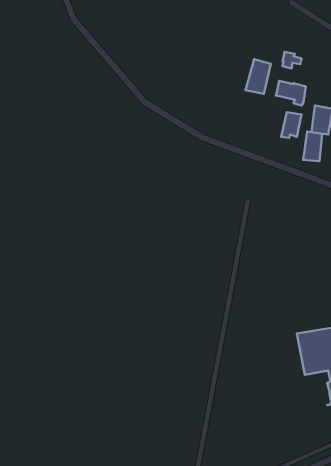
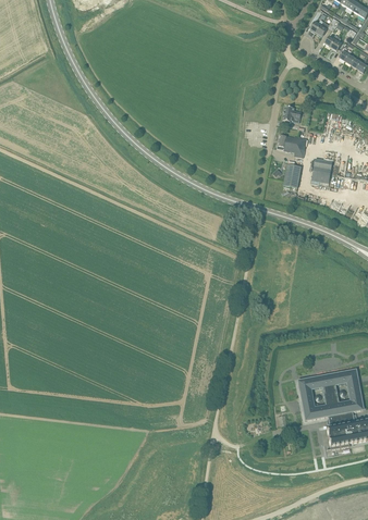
building: [246,59,271,94] -> none
building: [303,132,322,161] -> none

